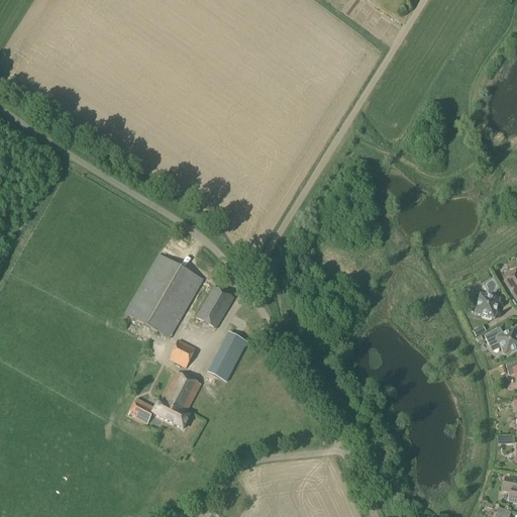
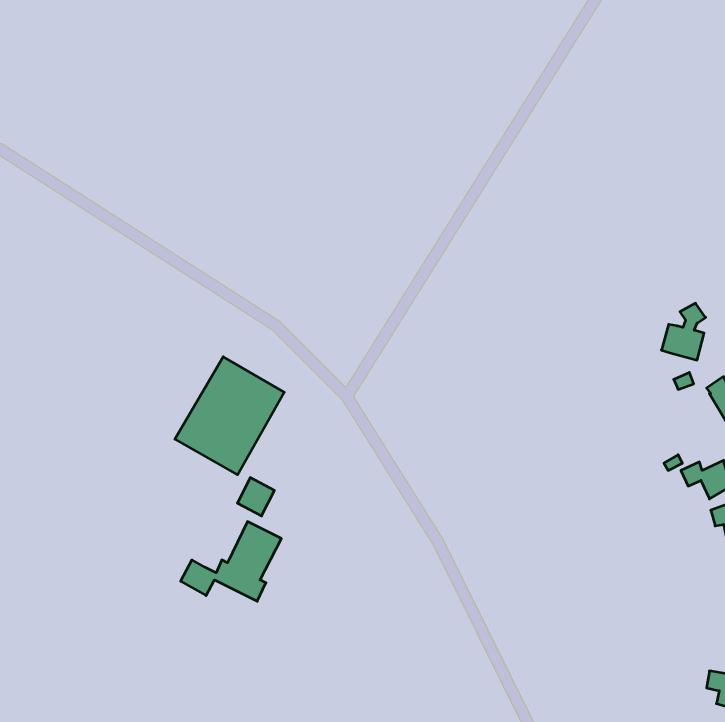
building: [470,277,501,317] -> [661,303,706,360]
building: [197,286,234,327] -> none
building: [208,332,247,381] -> none

